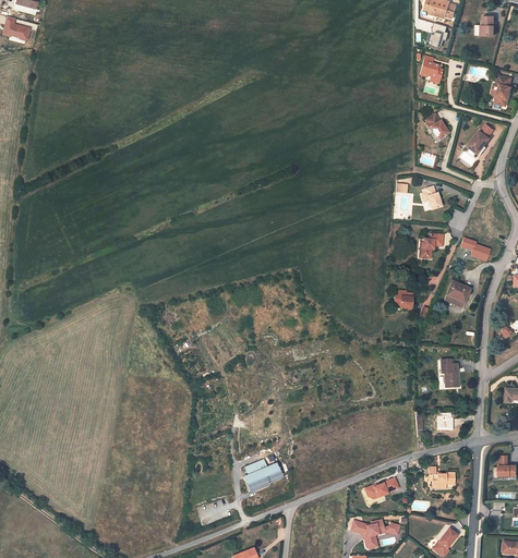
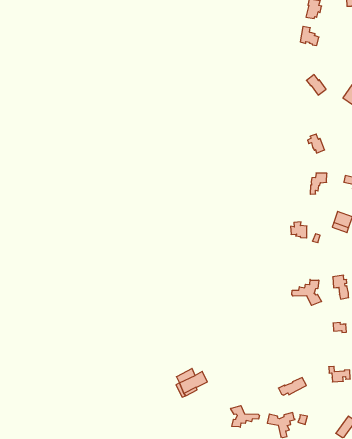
building: none -> [292,279,322,305]
building: none -> [231,406,259,427]

